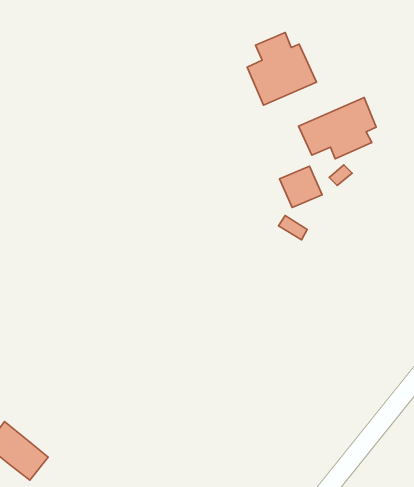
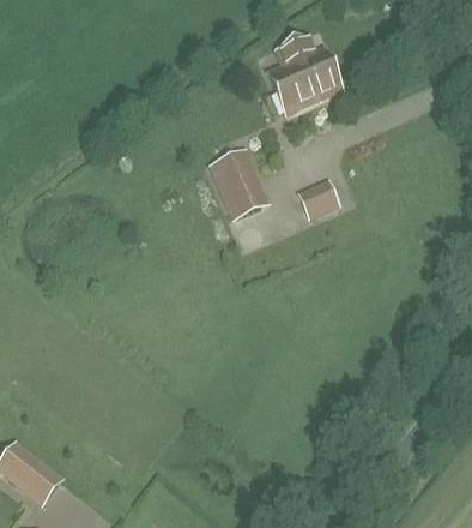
building: [299,98,376,159] -> none
building: none -> [211,154,261,217]

